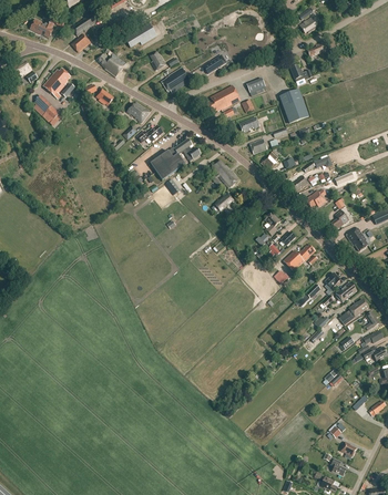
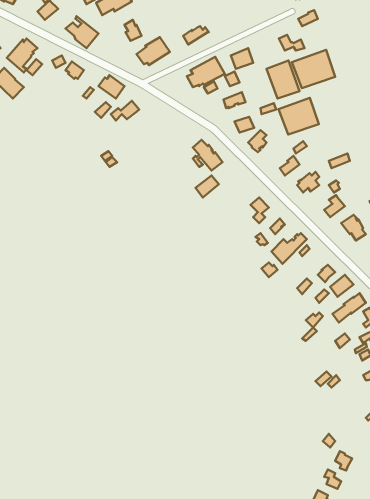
building: none -> [292,50,335,88]
building: none -> [278,98,319,135]
building: [151,137,202,179] -> none

